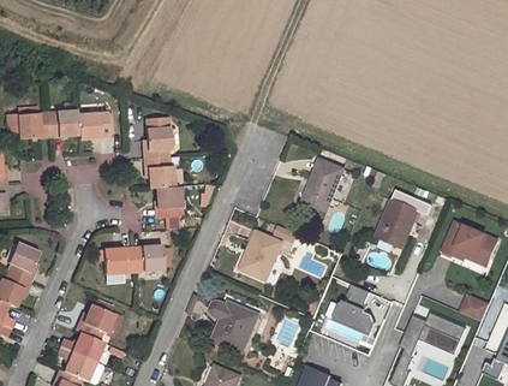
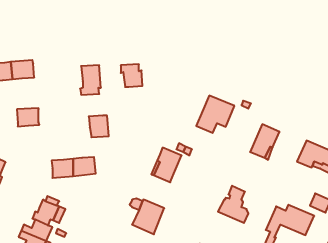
building: [77,113,108,138] -> [17,108,39,126]
building: [143,156,173,188] -> [121,64,142,87]

